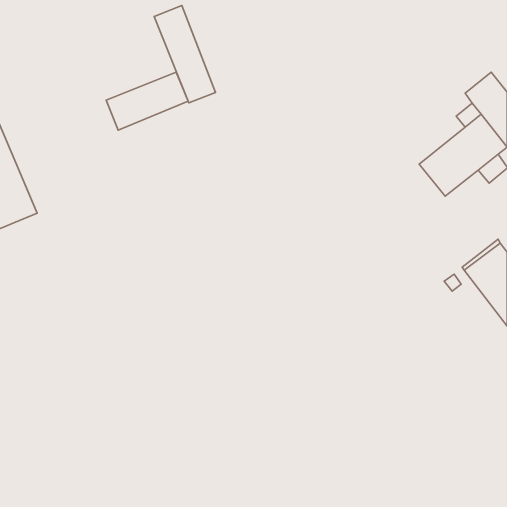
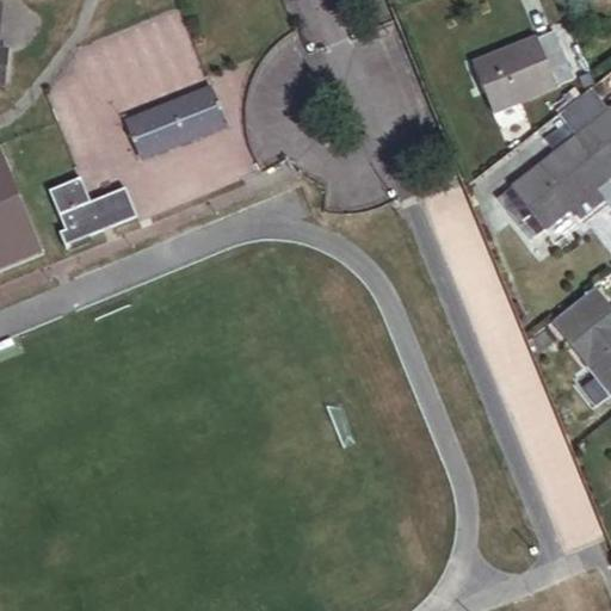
building: [154,6,216,103] -> none
building: none -> [473,30,572,107]
building: none -> [51,178,137,246]

